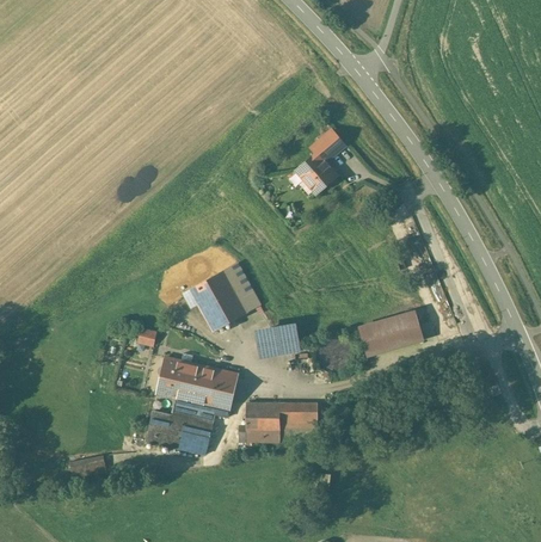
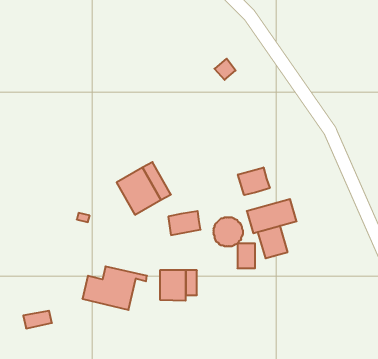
building: [296,153,333,192] -> none
building: none -> [238,167,270,195]
building: none -> [258,226,287,258]
building: [156,358,238,411] -> none
building: [294,404,316,436] -> [237,243,255,268]

